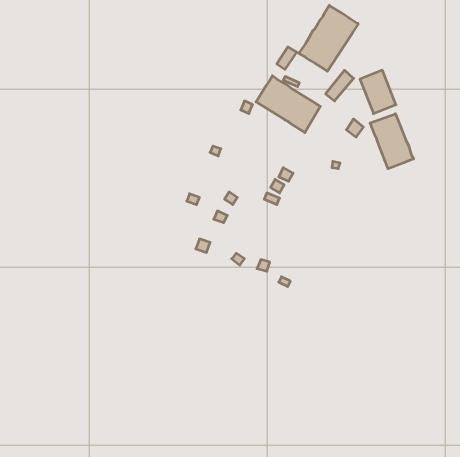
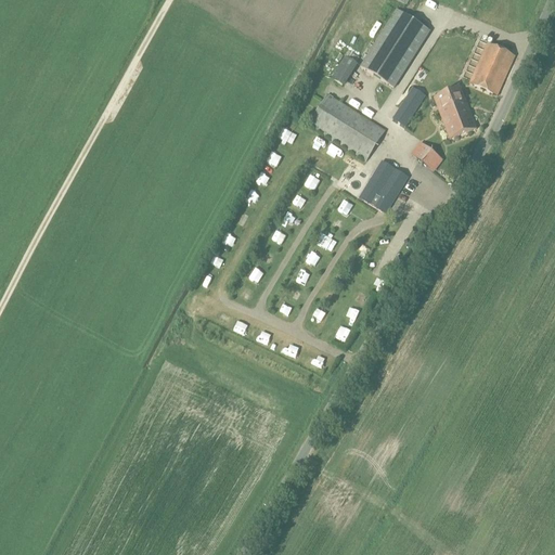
building: none -> [469,41,516,93]
building: [370,114,414,169] -> none
building: none -> [360,159,409,211]

